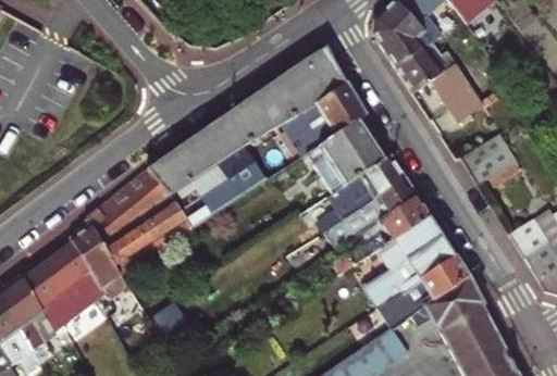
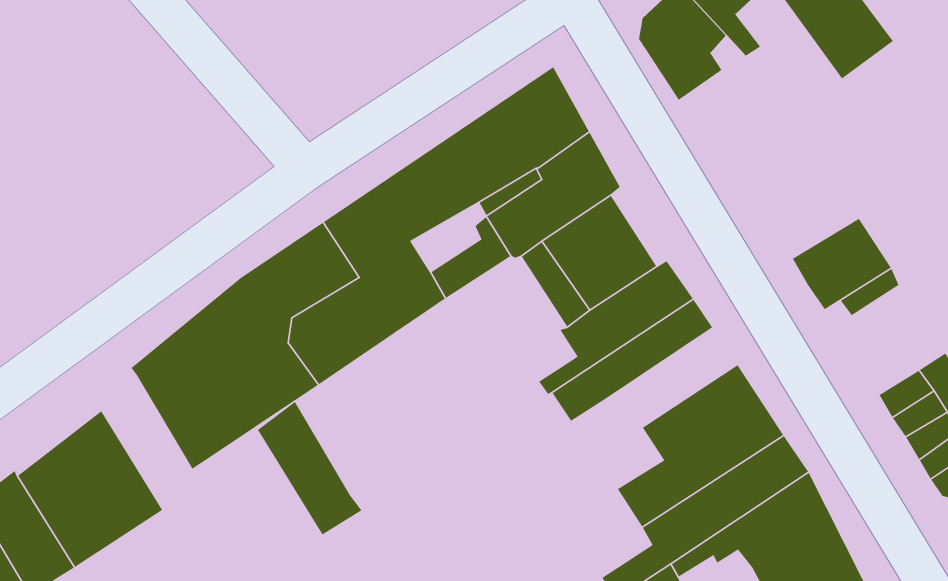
building: [397,41,483,121] -> none
building: [348,193,431,264] -> none
building: [69,221,128,297] -> [257,401,362,536]

